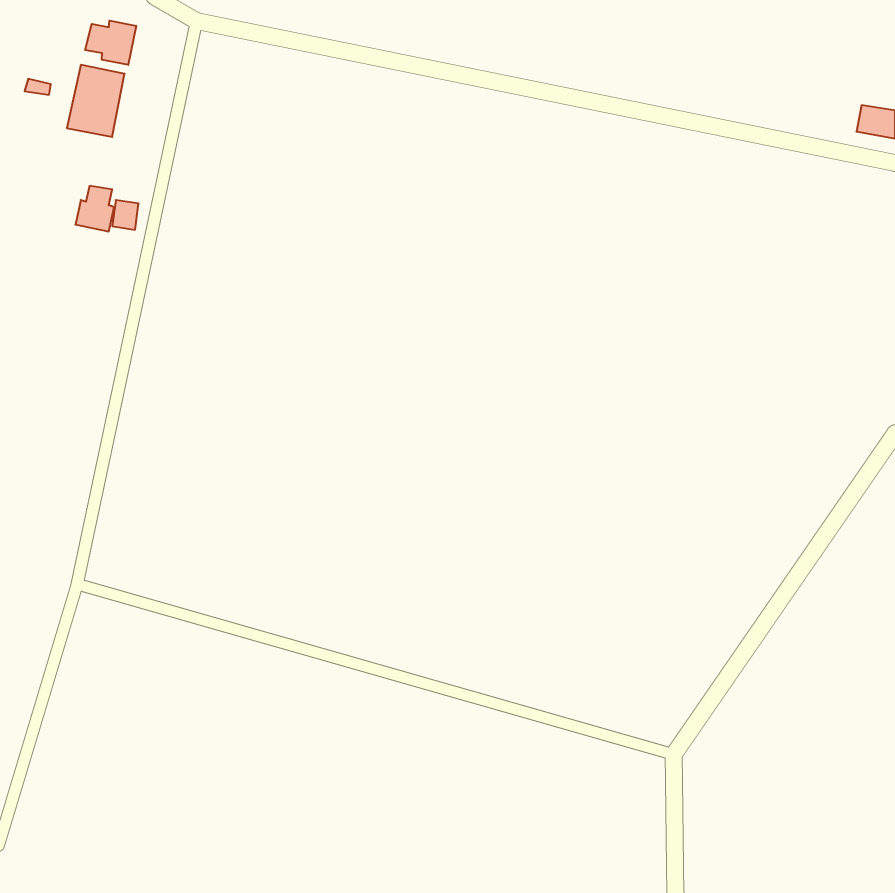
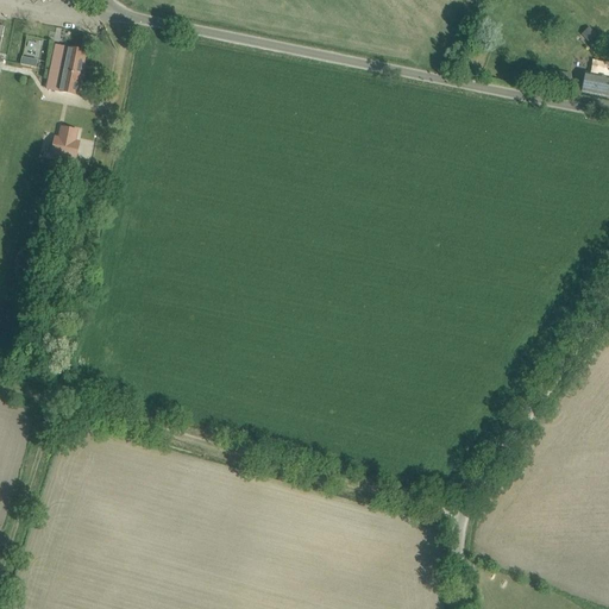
building: [85,21,136,65] -> none

